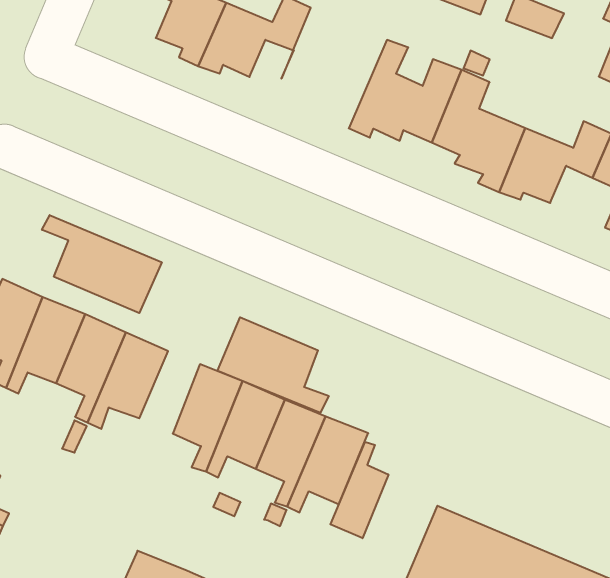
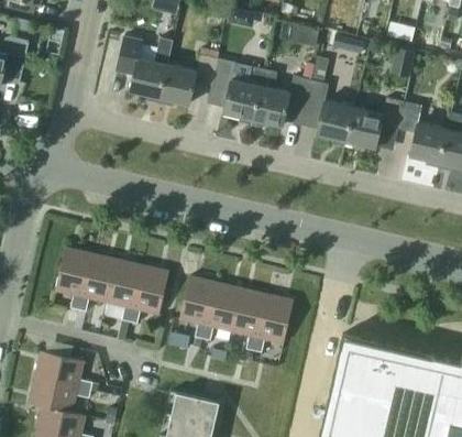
building: none -> [207,58,264,124]
building: [42,215,162,313] -> none
building: [218,317,329,413] -> none
building: [330,442,388,538] -> none

